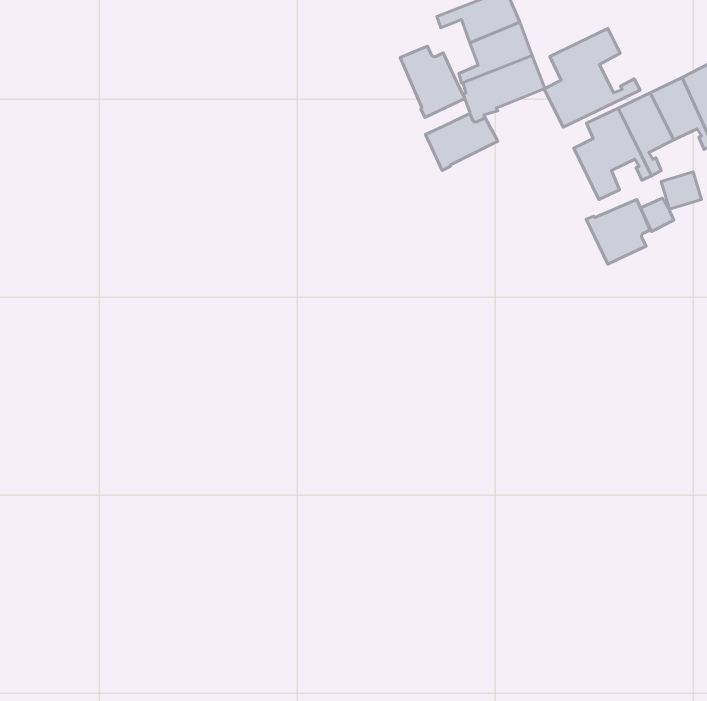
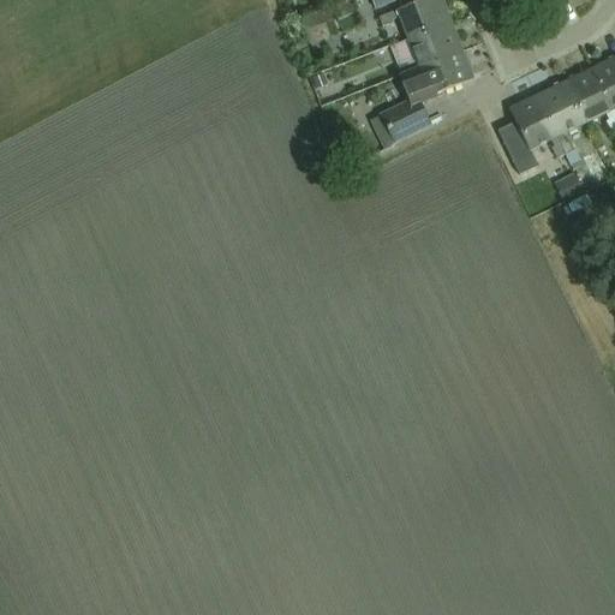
building: [544,28,640,127] -> none
building: [400,46,465,118] -> none
building: [586,199,650,264] -> none

